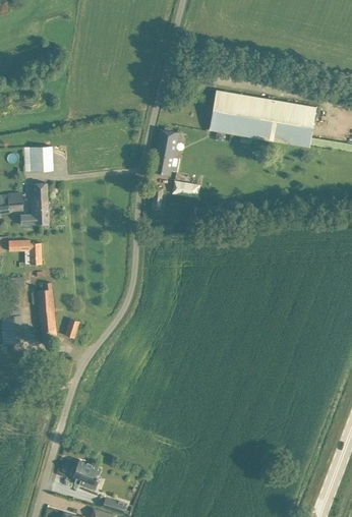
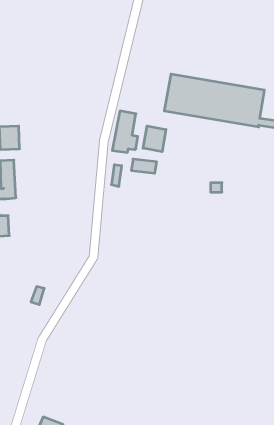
building: none -> [143,126,166,152]
building: [37,282,56,336] -> none

